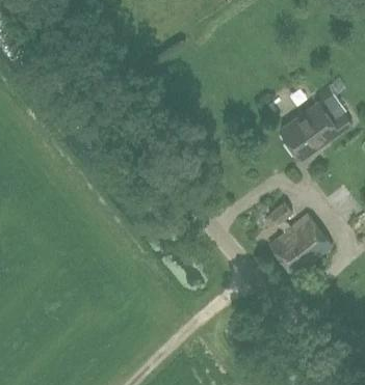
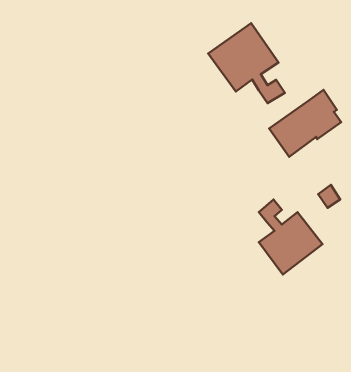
building: none -> [208,23,285,103]

